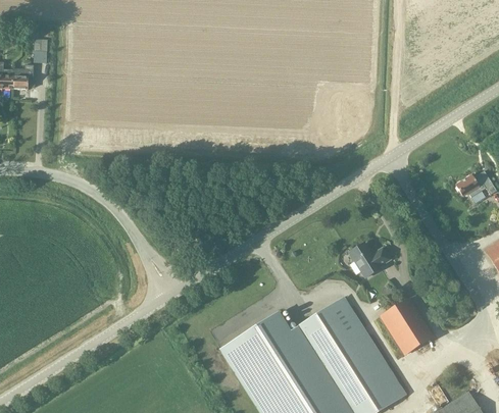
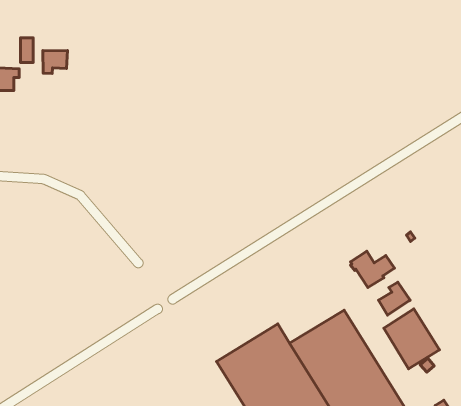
building: none -> [43,51,67,73]
building: none -> [379,282,410,315]

